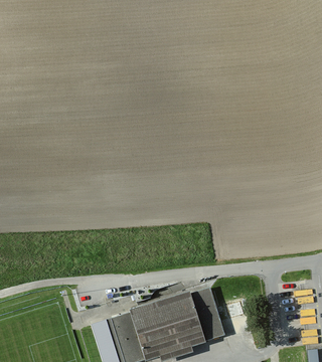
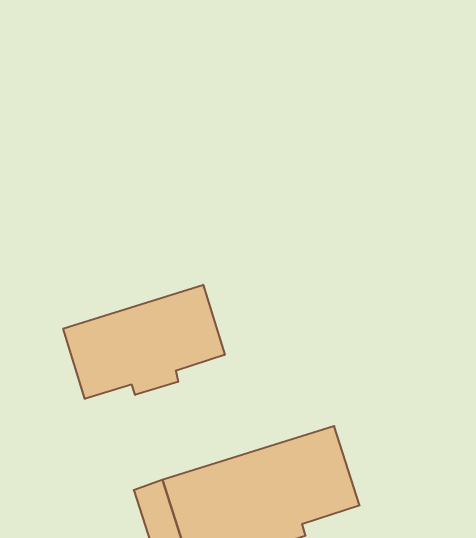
building: none -> [63,285,225,399]

